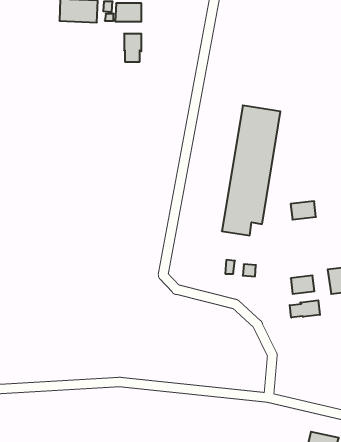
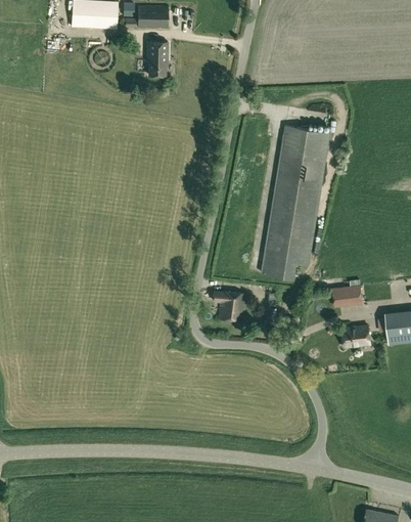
building: [291,201,316,220] -> [332,285,362,306]
building: none -> [213,291,246,320]
building: [290,300,320,318] -> none

